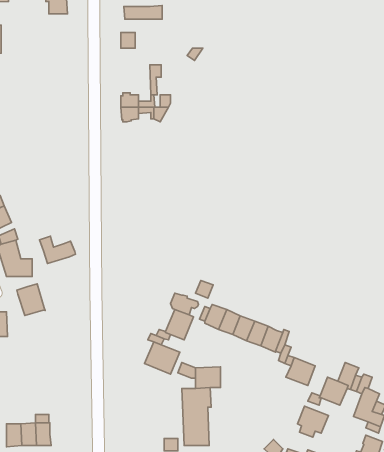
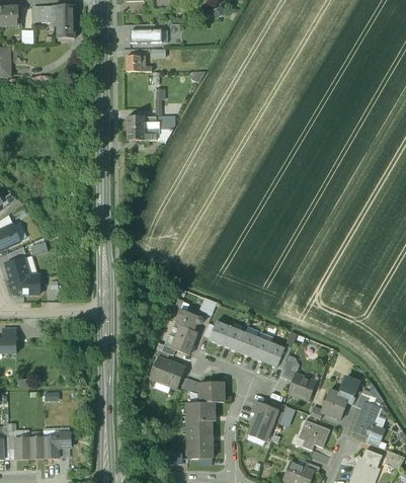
building: [40,236,76,264] -> none
building: [17,284,45,315] -> none
building: none -> [248,401,277,440]

